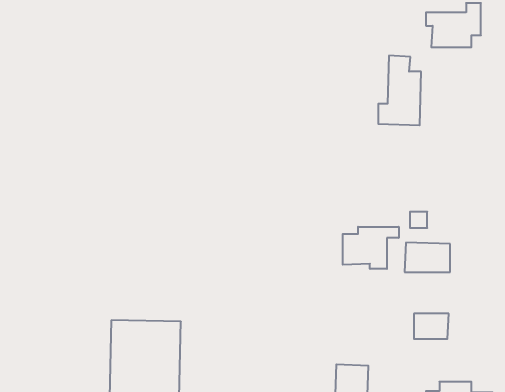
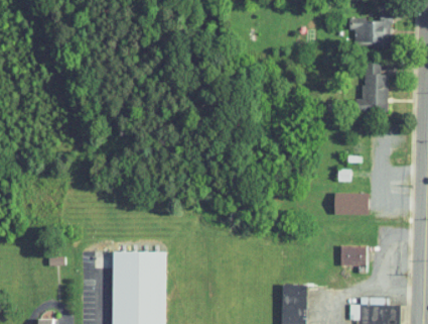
building: [378,56,421,125] -> [356,62,389,114]
building: [343,227,399,269] -> none

